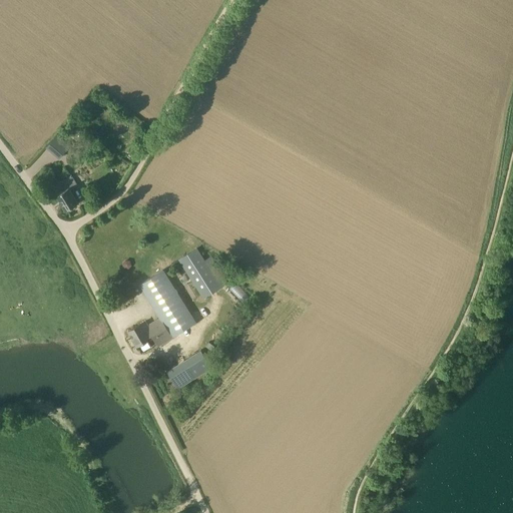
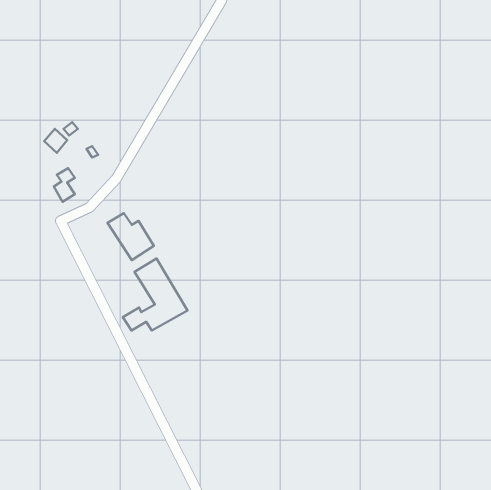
building: [179,249,227,299] -> [108,213,154,260]
building: [167,352,211,389] -> none

